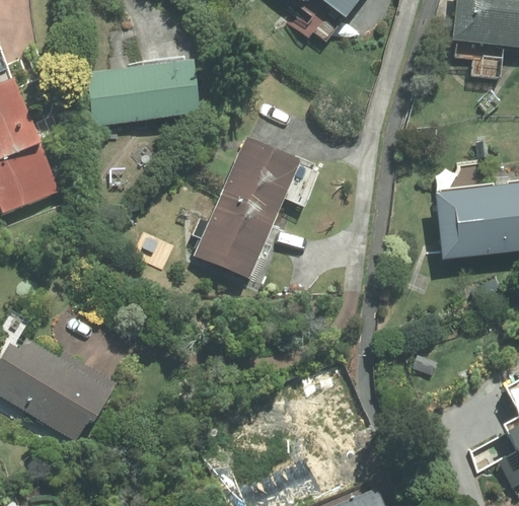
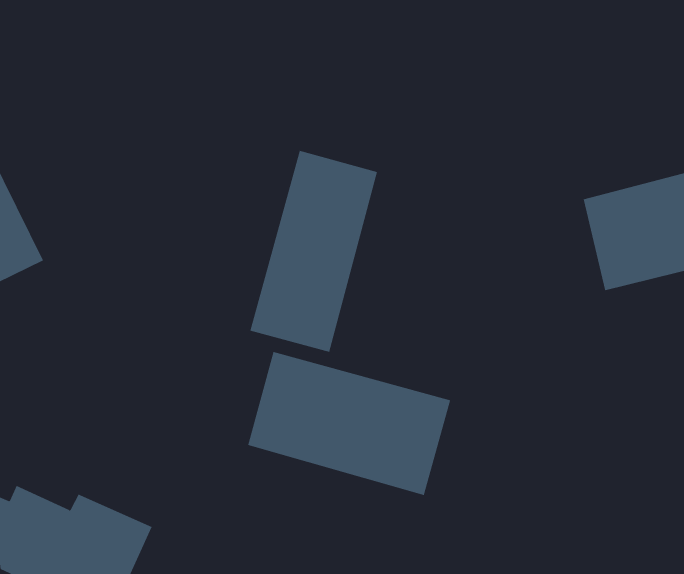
building: [88,60,197,127] -> none
building: none -> [247,351,451,496]

